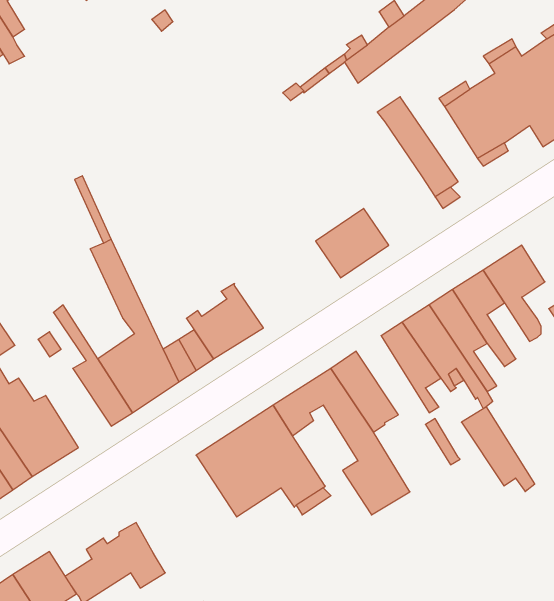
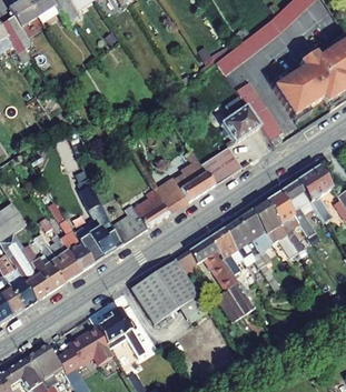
building: none -> [220,96,260,145]
building: none -> [152,152,214,214]
building: none -> [33,233,81,283]
building: [461,407,535,492] -> [223,219,265,268]
building: none -> [96,309,146,358]

